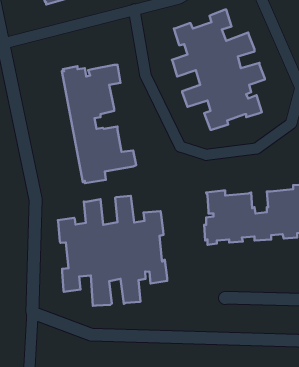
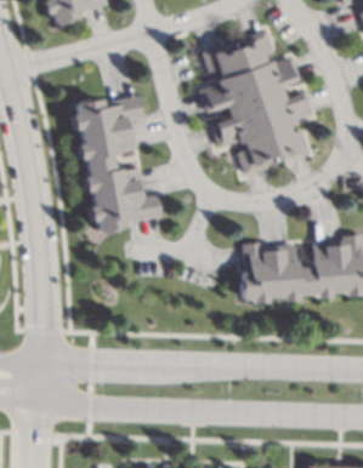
building: [58,196,167,306] -> none

